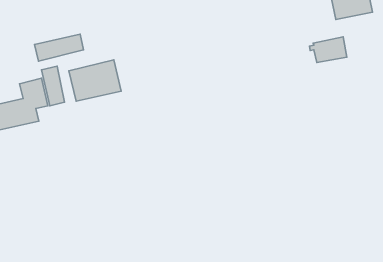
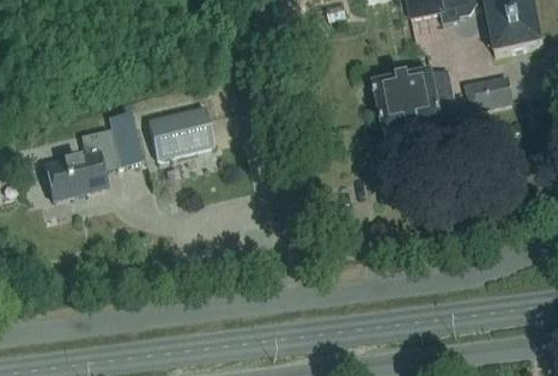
building: none -> [372,69,454,134]
building: [35,34,83,61] -> none

